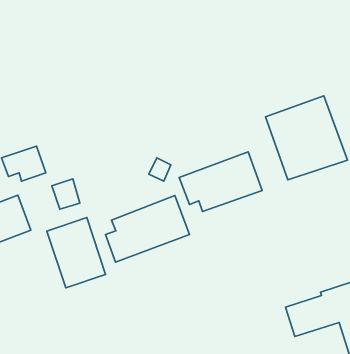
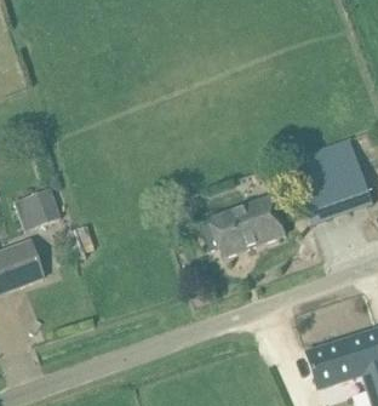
building: [106,195,190,262] -> none
building: [47,218,106,288] -> none

